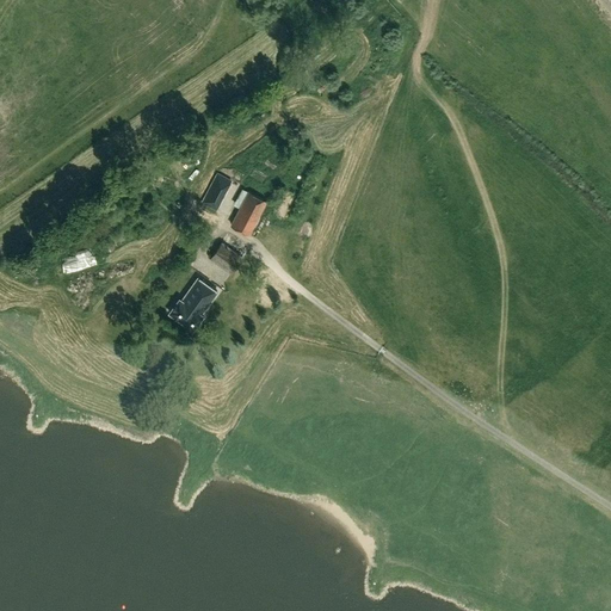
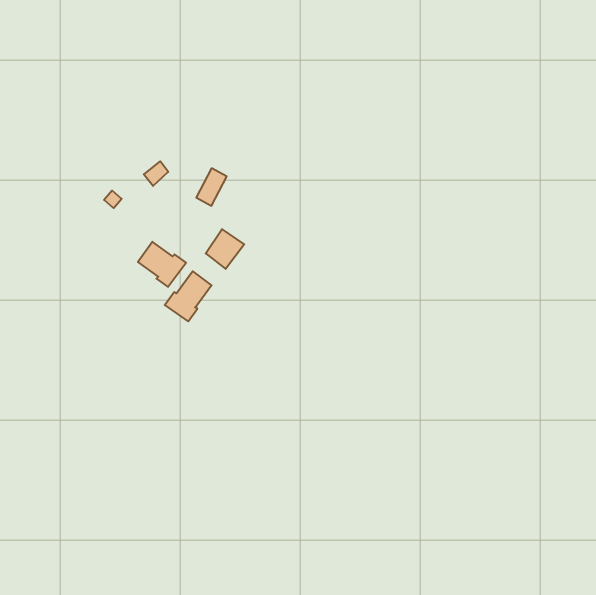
building: [229,193,266,237] -> none
building: none -> [138,242,186,287]

